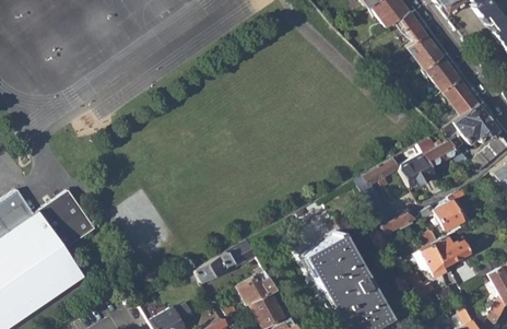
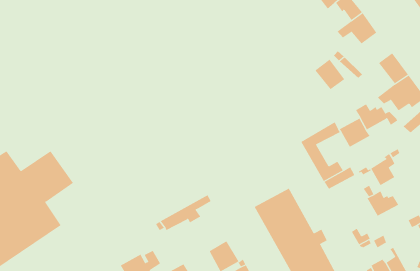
building: [426,55,461,90] -> [314,59,345,90]
building: [413,244,446,277] -> none
building: [238,270,278,305] -> none

